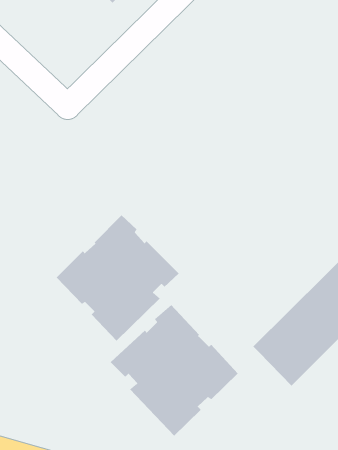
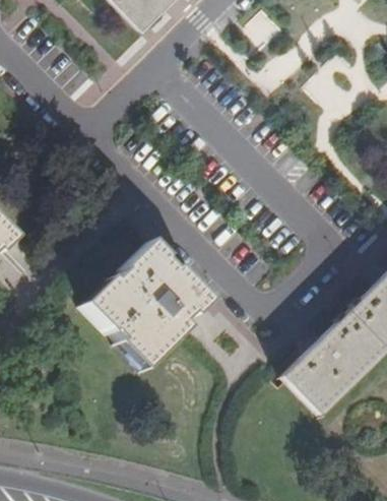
building: [110,304,239,436] -> none

